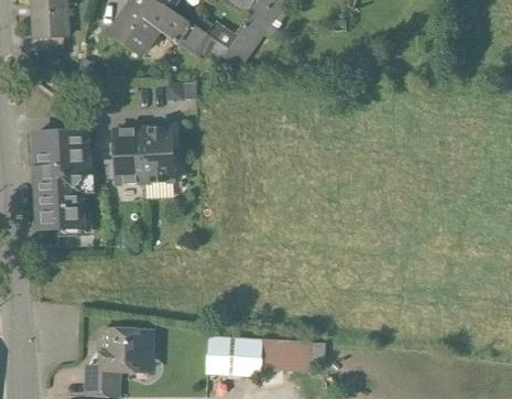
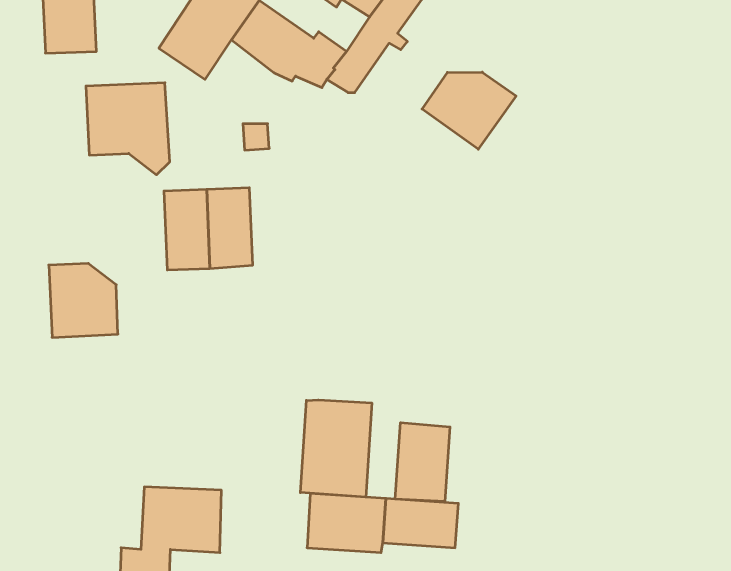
building: none -> [422,72,516,149]
building: [34,131,90,193] -> [86,83,170,175]
building: none -> [300,400,372,497]
building: none -> [395,423,450,502]

